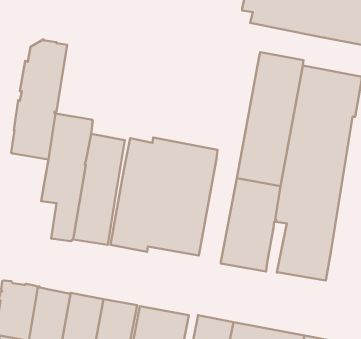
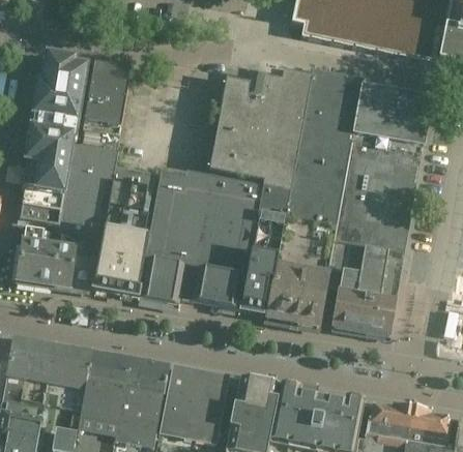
building: none -> [83,62,131,149]
building: none -> [209,70,311,314]
building: none -> [19,188,65,225]
building: none -> [16,225,75,288]

